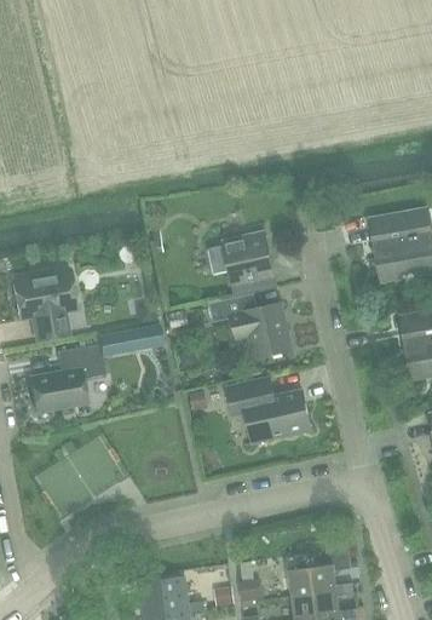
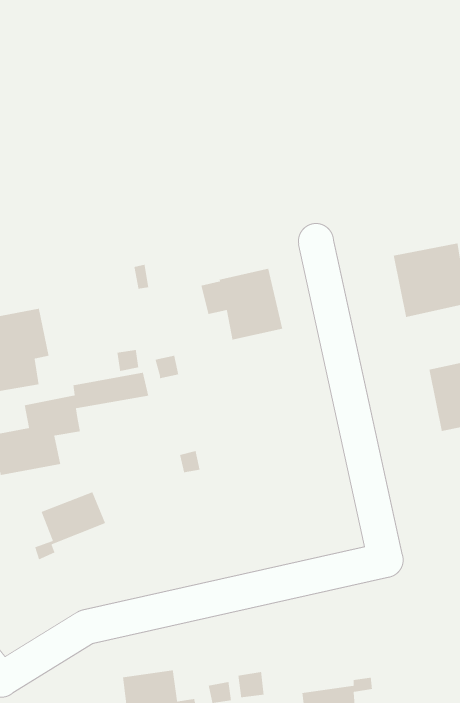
building: [209,293,292,358] -> none
building: [226,377,311,443] -> none
building: none -> [34,491,106,560]
building: [289,542,351,596] -> none

